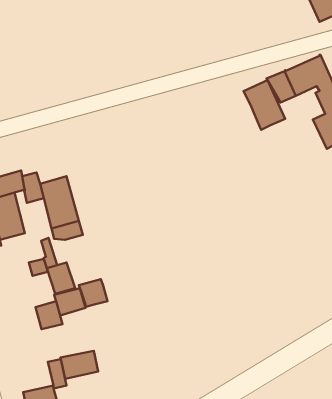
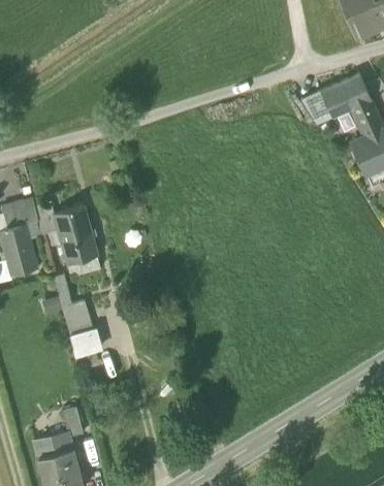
building: [243,80,285,130] -> none
building: [79,279,107,307] -> none
building: [36,301,62,329] -> none
building: [61,351,98,379] -> none

